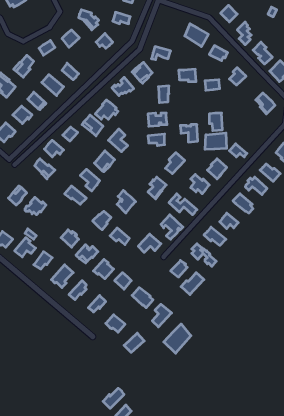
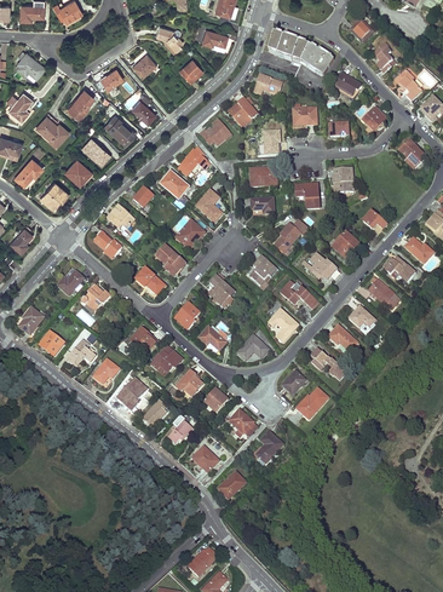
building: none -> [269,33,309,62]
building: [205,133,227,149] -> none
building: [164,324,191,353] -> none

